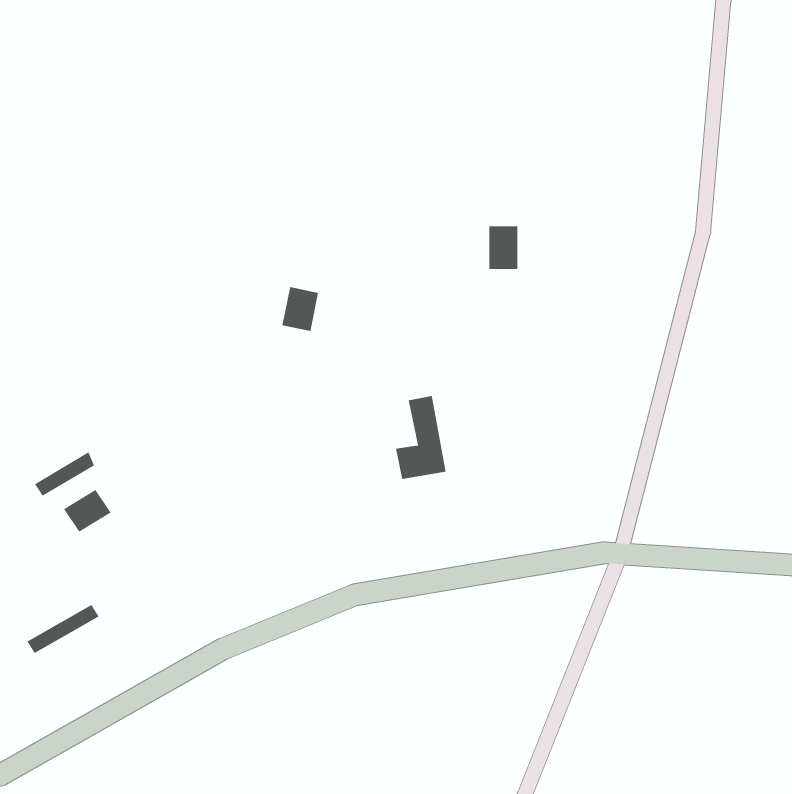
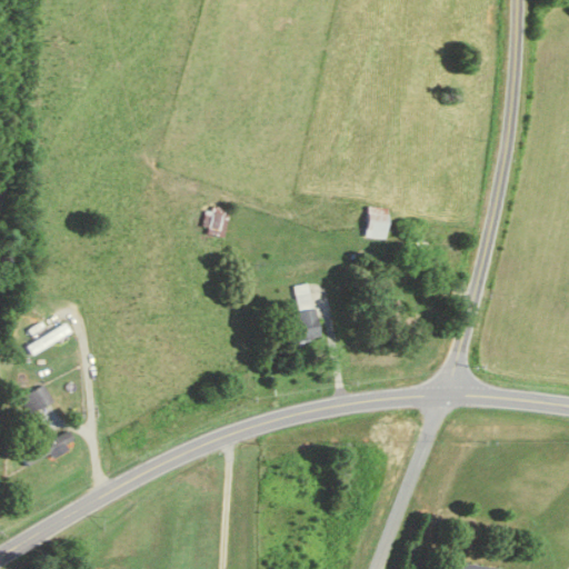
building: [489,226,518,269] -> [368,207,389,238]
building: [63,489,112,533] -> [19,385,53,416]

